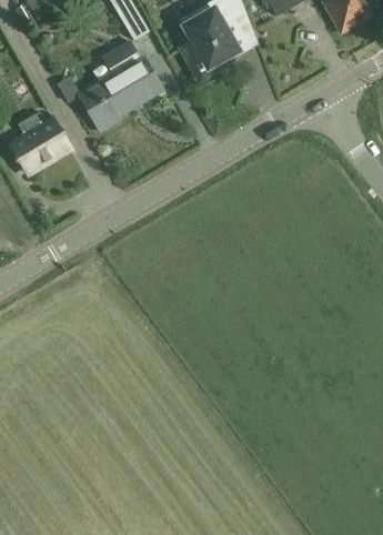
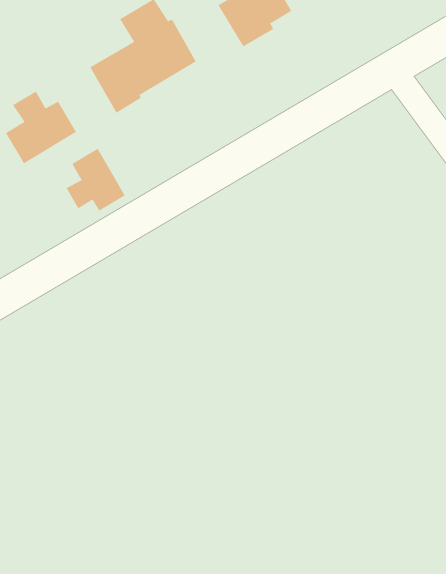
building: none -> [66,148,126,211]

